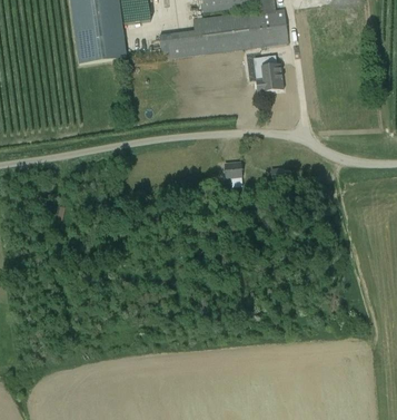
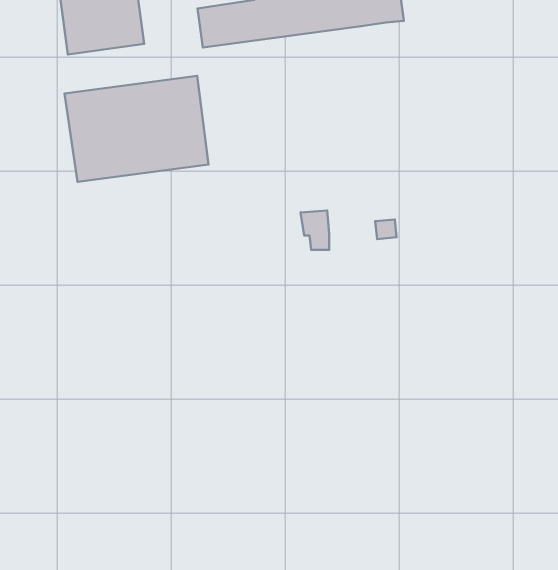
building: [256,55,282,91] -> none
building: none -> [65,76,209,182]

